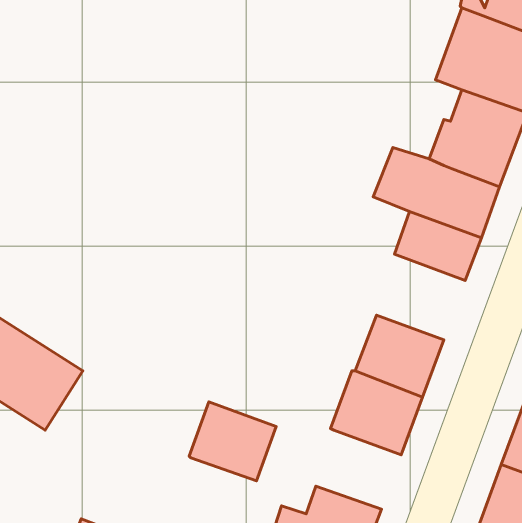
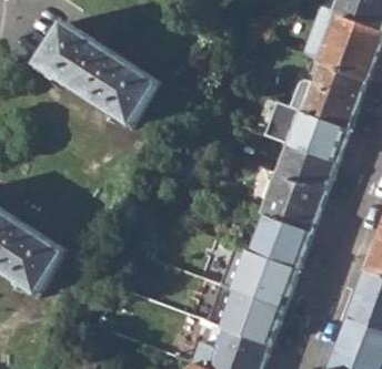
building: none -> [39,23,157,123]
building: none -> [260,173,322,230]
building: [189,402,276,481] -> [220,291,279,345]

